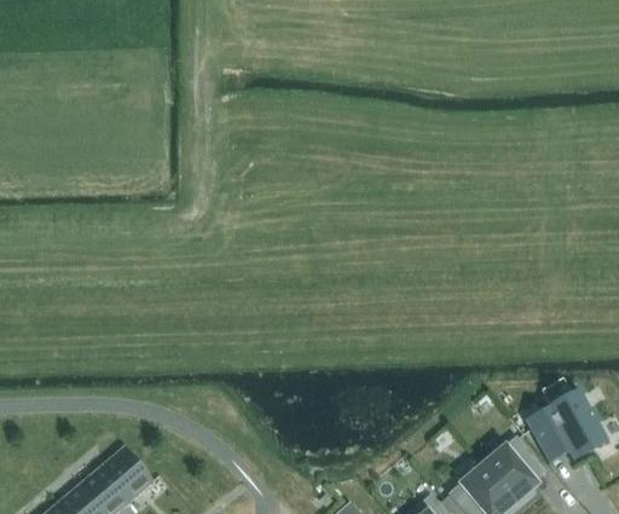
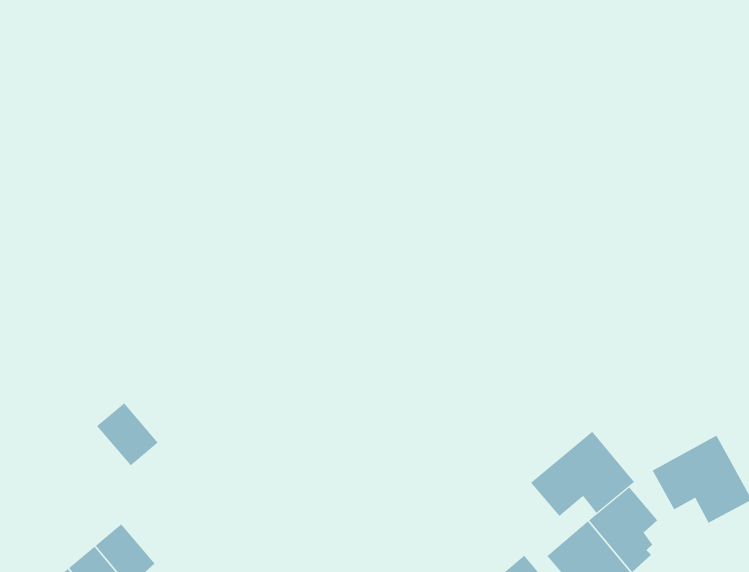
building: none -> [530,431,635,517]
building: [100,446,151,498] -> [96,403,158,466]

